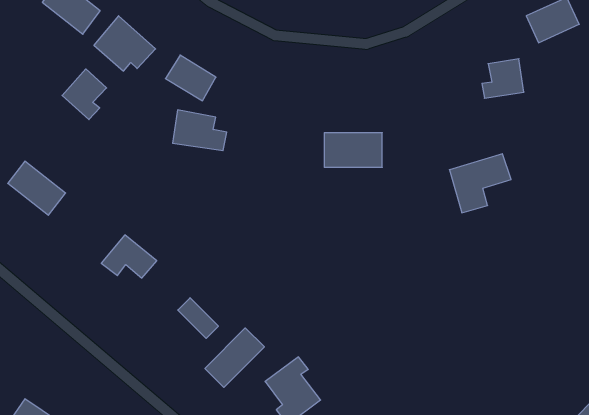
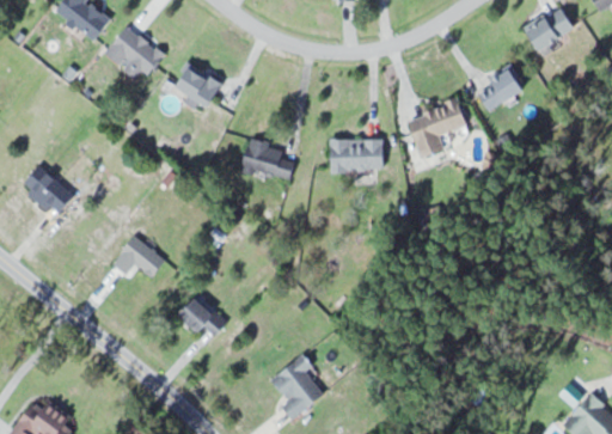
building: [62,69,107,120] -> none
building: [173,110,227,151] -> [241,139,294,178]
building: [449,154,511,213] -> [408,100,467,158]
building: [205,328,264,387] -> none

